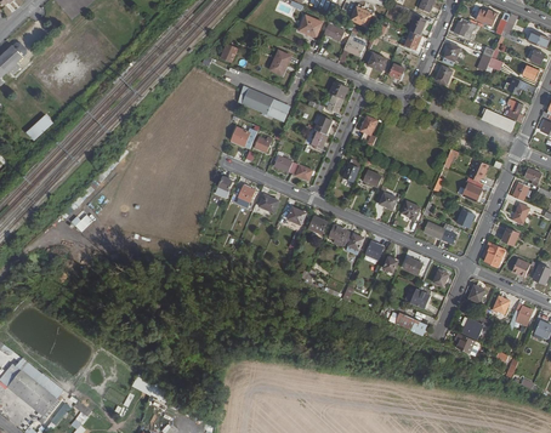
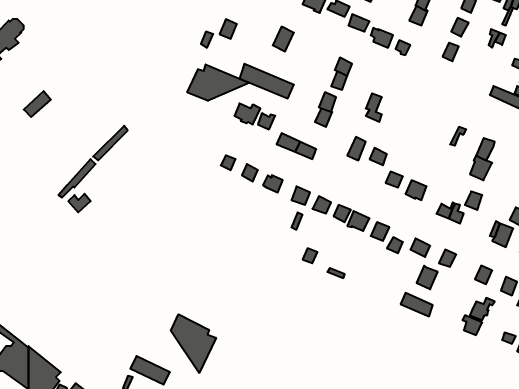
building: none -> [187,64,249,101]
building: none -> [171,314,216,373]

